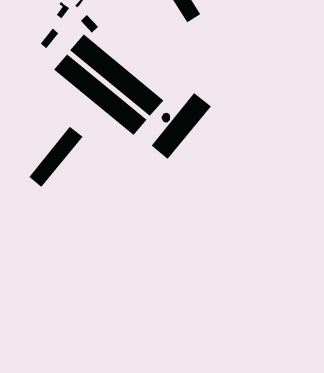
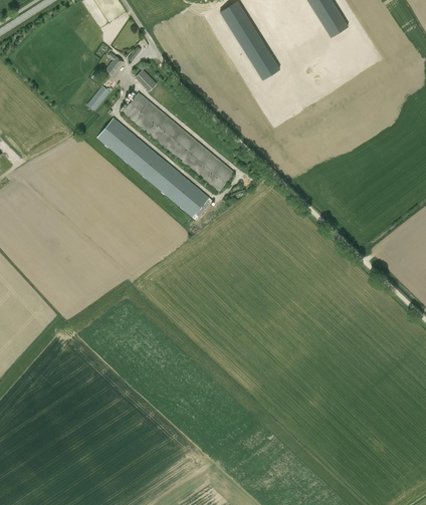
building: [151,92,212,160] -> none
building: [28,126,84,188] -> none

